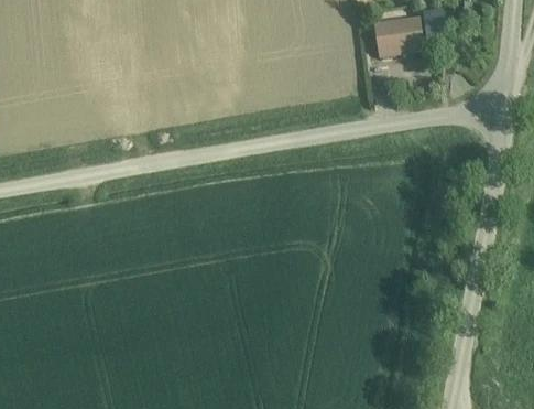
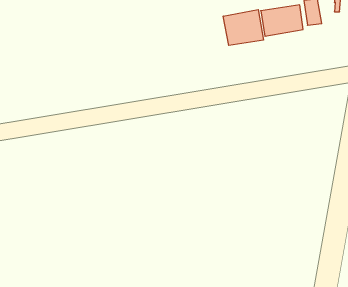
building: none -> [223,10,263,45]

